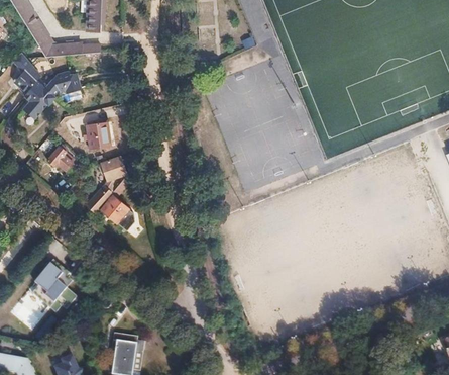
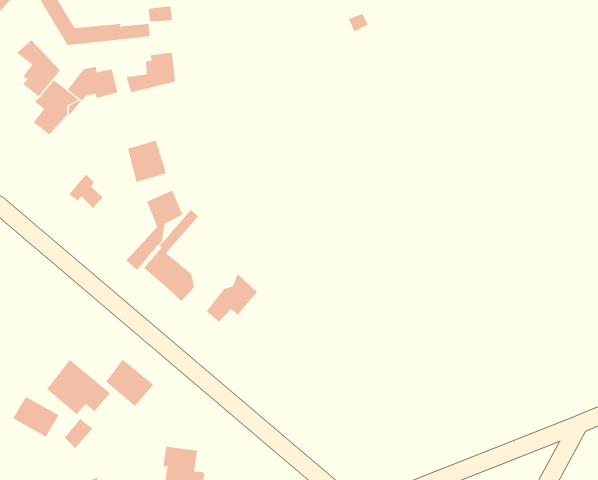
building: none -> [126,52,175,93]
building: none -> [206,273,258,323]
building: none -> [105,359,154,407]

